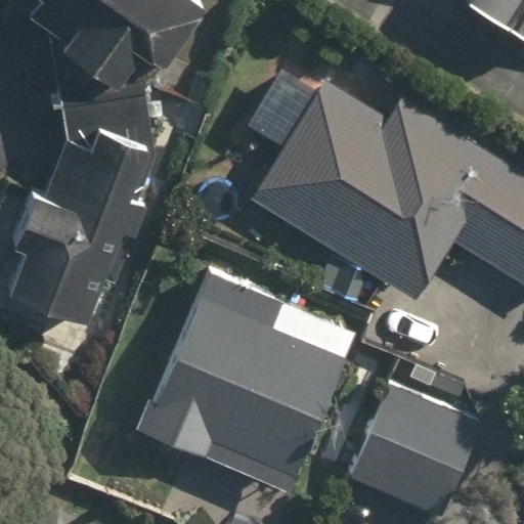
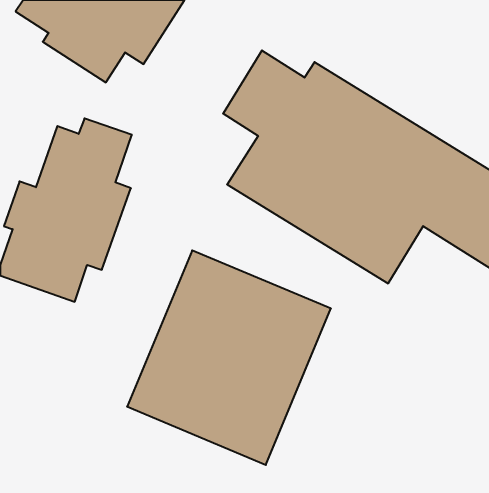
building: [352,379,483,516] -> none

